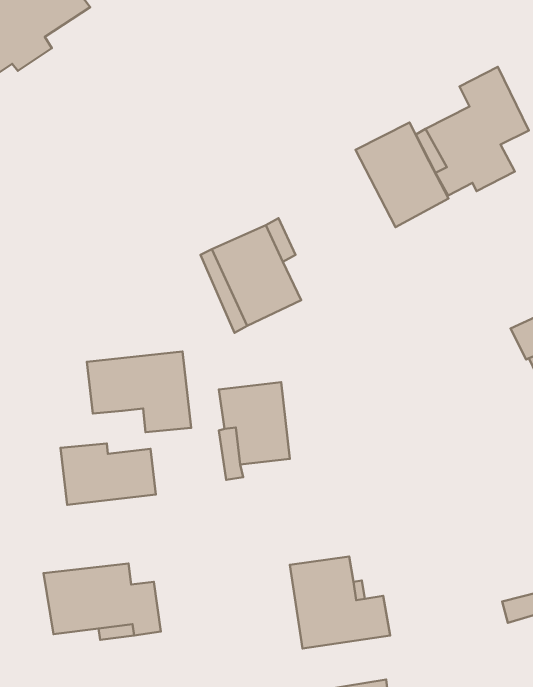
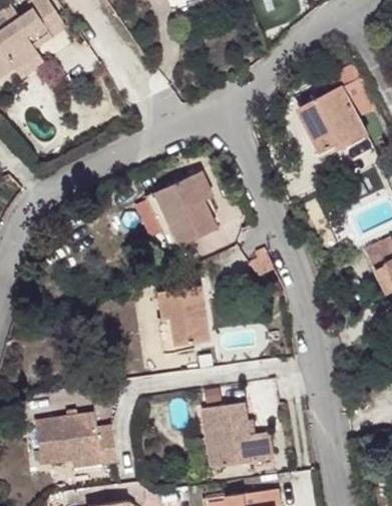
building: [355,122,448,227] -> none
building: [87,352,191,432] -> none
building: [61,443,156,505] -> none

